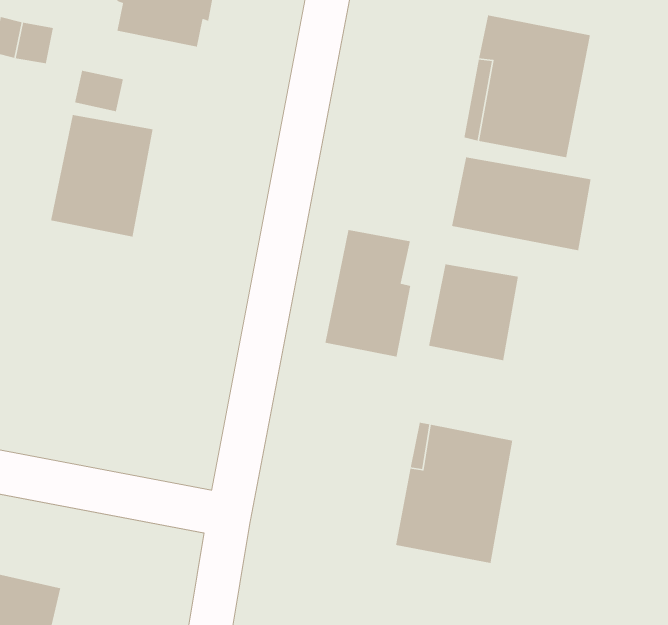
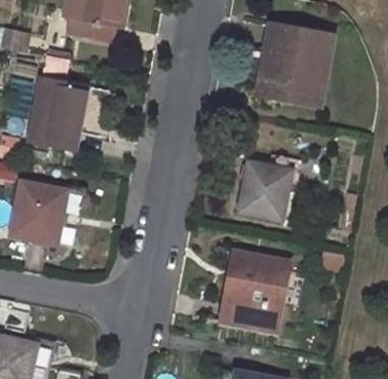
building: [451,156,592,251] -> none
building: [324,229,411,357] -> none
building: none -> [12,182,67,243]

